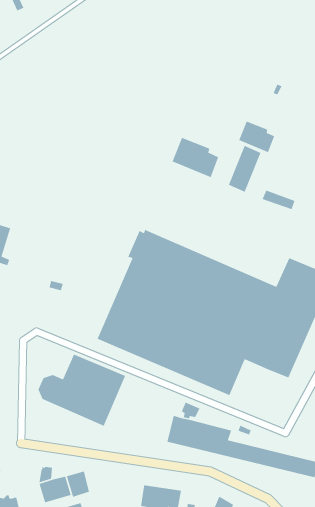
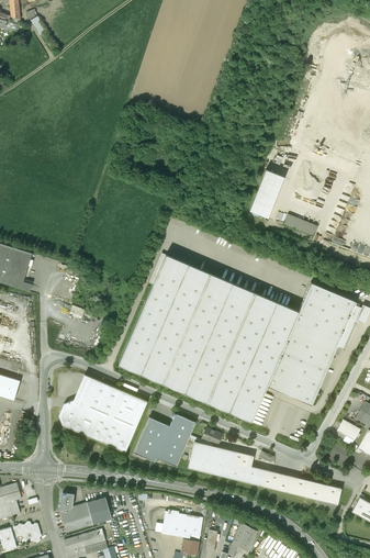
building: [238,120,275,153] -> none
building: [171,137,219,178] -> none
building: none -> [133,414,195,467]

